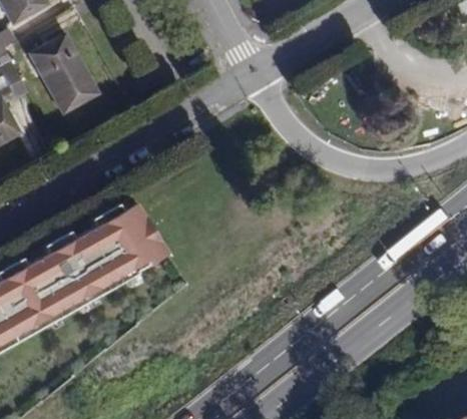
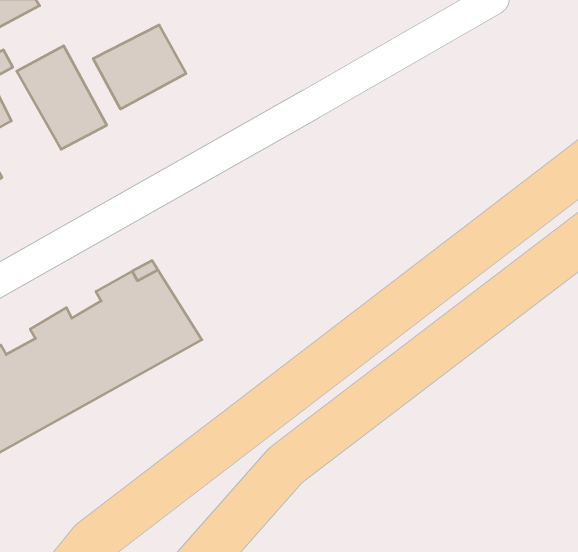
building: none -> [93,25,186,109]

